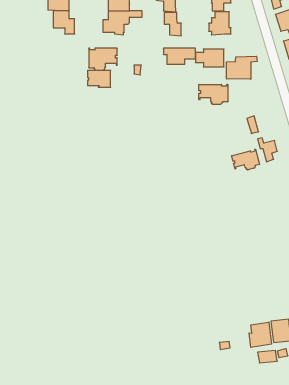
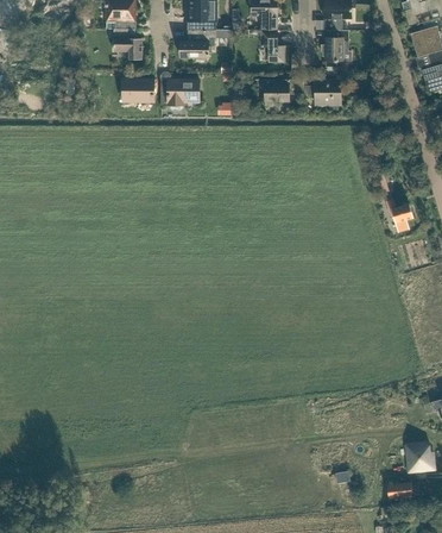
building: [227,56,257,79] -> none
building: [88,70,111,87] -> [122,79,153,101]
building: [199,84,228,104] -> none
building: [232,149,260,170] -> none
building: [249,322,272,347] -> none

